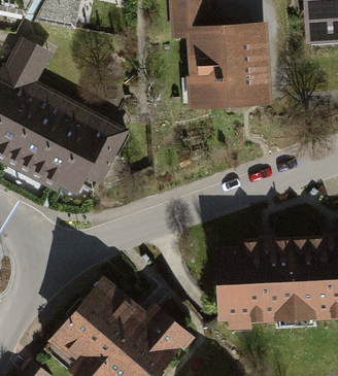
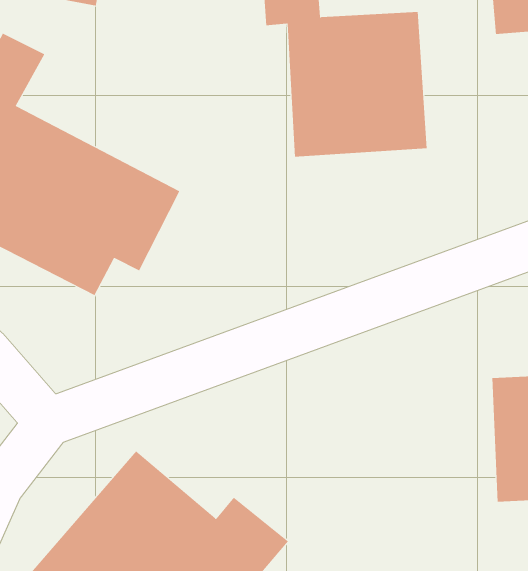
building: [217,240,310,315] -> none

